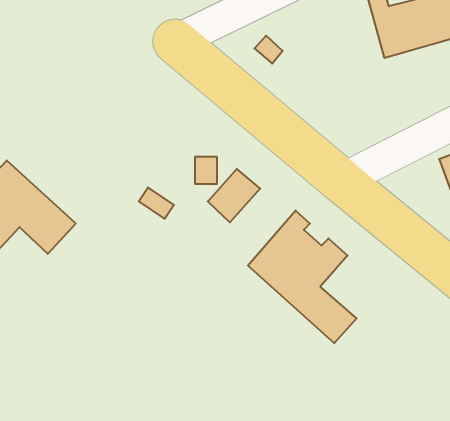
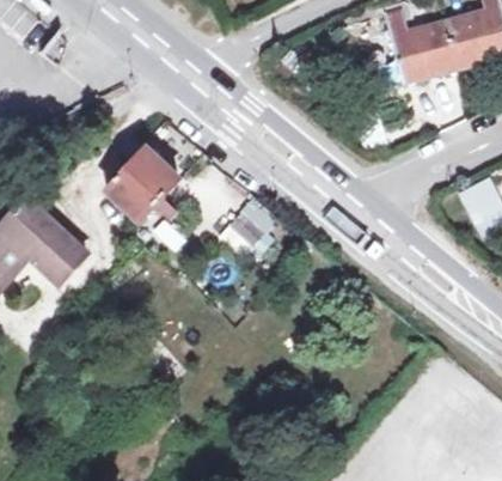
building: none -> [109,148,179,221]
building: [248,210,357,343] -> none

